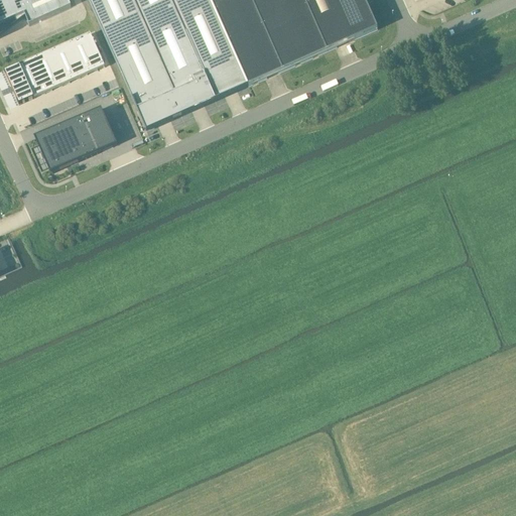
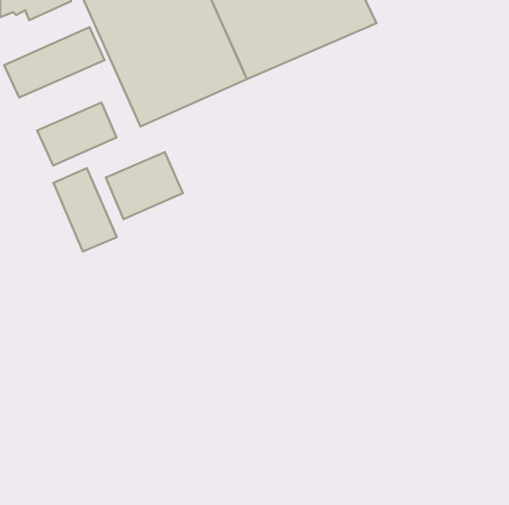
building: none -> [106,152,183,219]
building: none -> [53,168,117,251]

